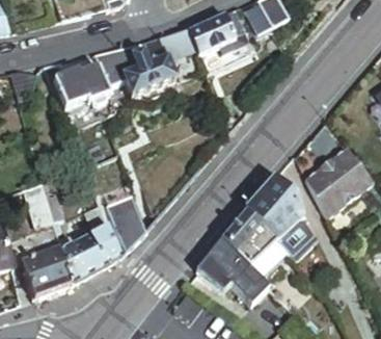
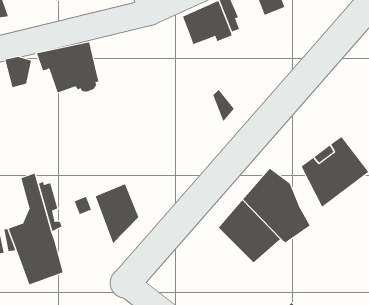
building: [97,29,195,96] -> none
building: [62,230,112,283] -> none
building: [198,238,268,301] -> none

